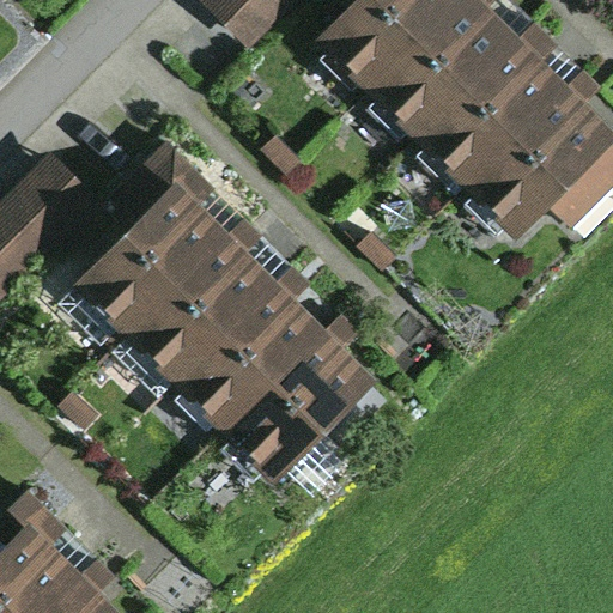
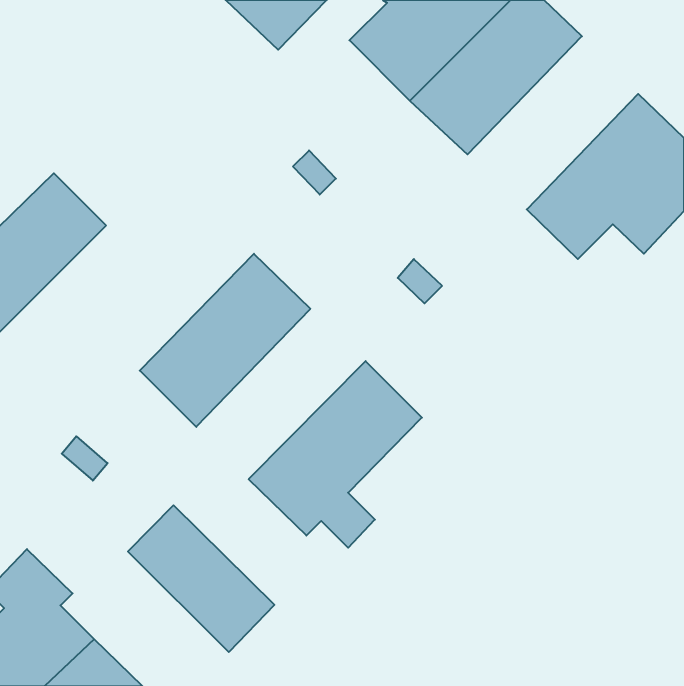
building: [417,32,569,187] -> none
building: [72,139,226,330] -> none
building: [175,275,326,427] -> none
building: none -> [128,505,274,652]

